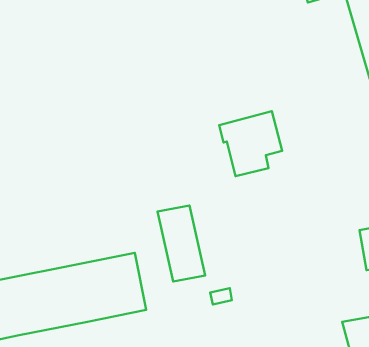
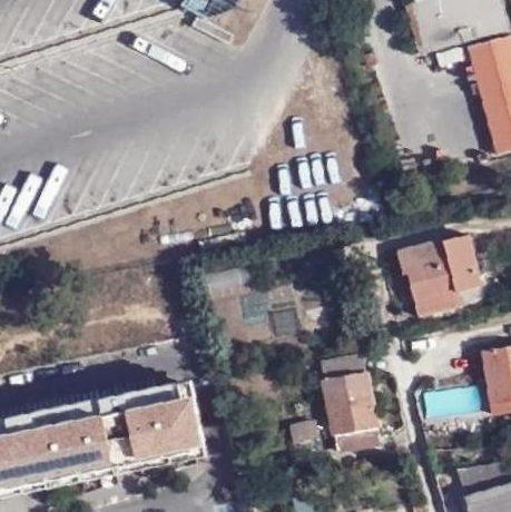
building: [219,111,282,176] -> [399,234,480,317]
building: [158,206,205,282] -> [321,354,382,452]

